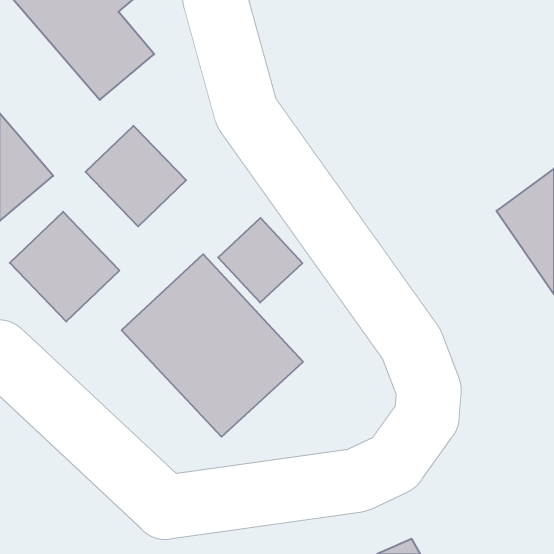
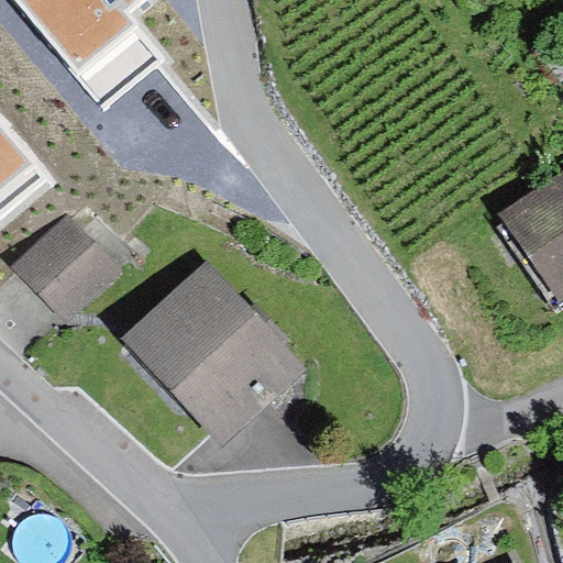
building: [86,126,186,226] -> none
building: [218,218,302,303] -> none

